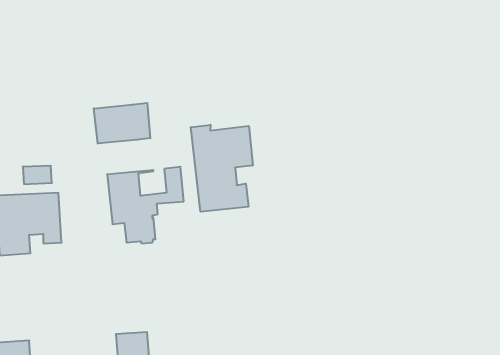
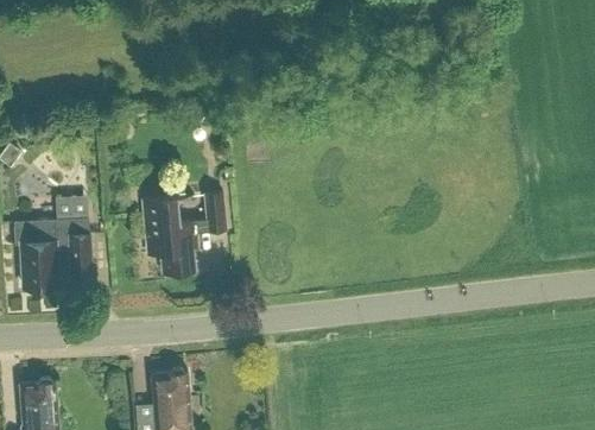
building: [94,103,150,144] -> none
building: [191,125,253,212] -> none

